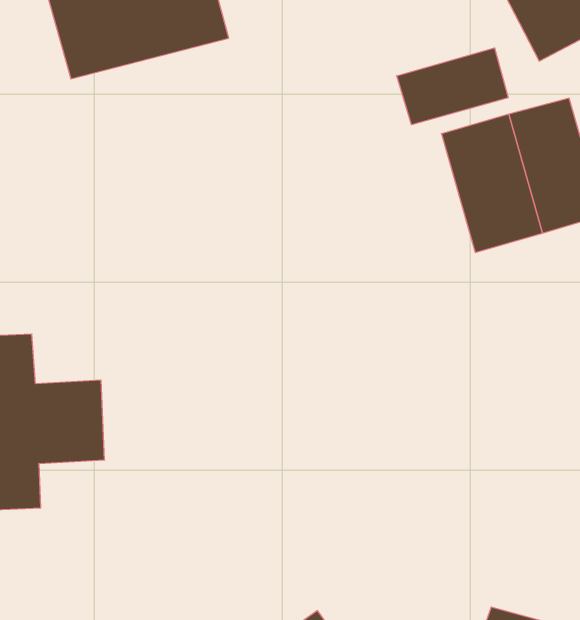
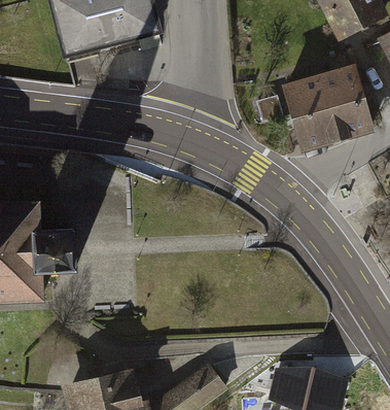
building: [397,48,508,125] -> none

